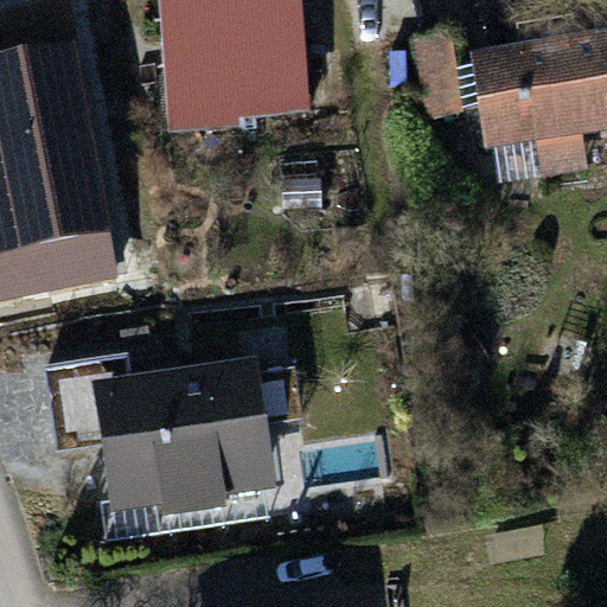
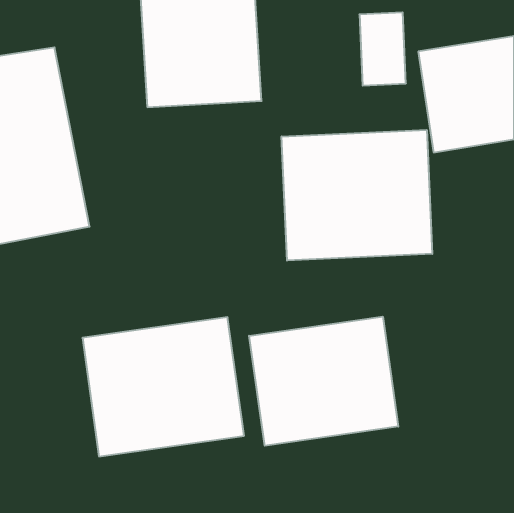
building: none -> [282,130,432,261]
building: none -> [249,317,398,446]

